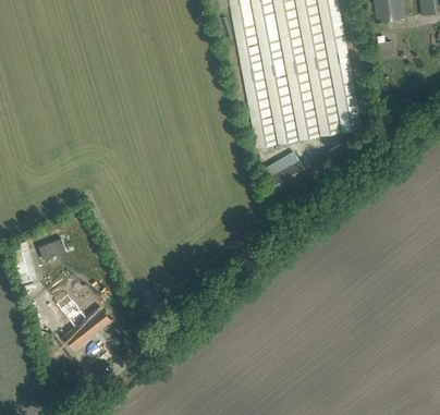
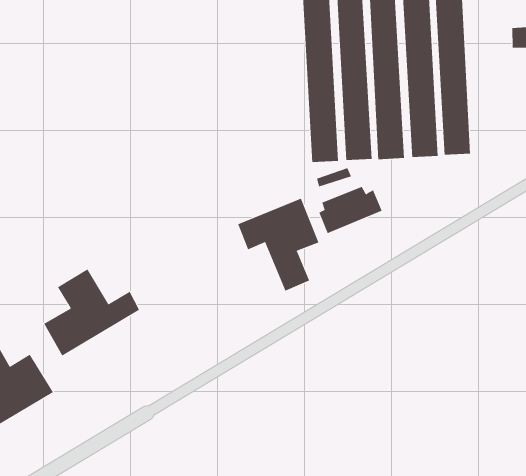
building: none -> [238,198,319,291]
building: none -> [43,268,140,356]

